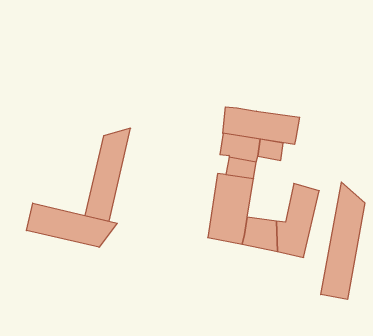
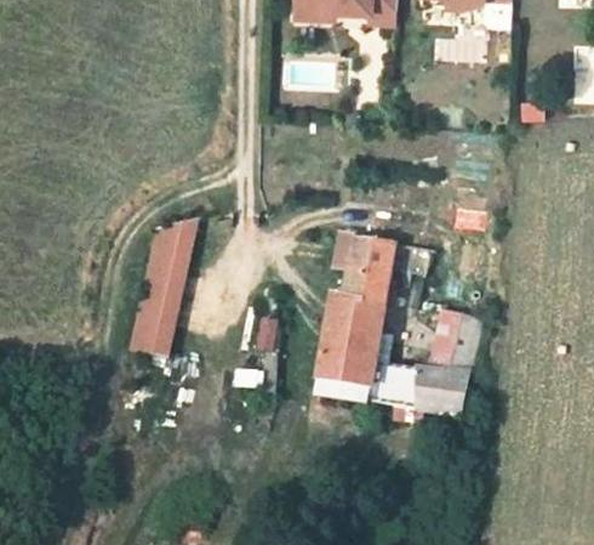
building: [223,107,300,144] -> none
building: [321,182,365,299] -> none
building: [26,203,117,247] -> none

